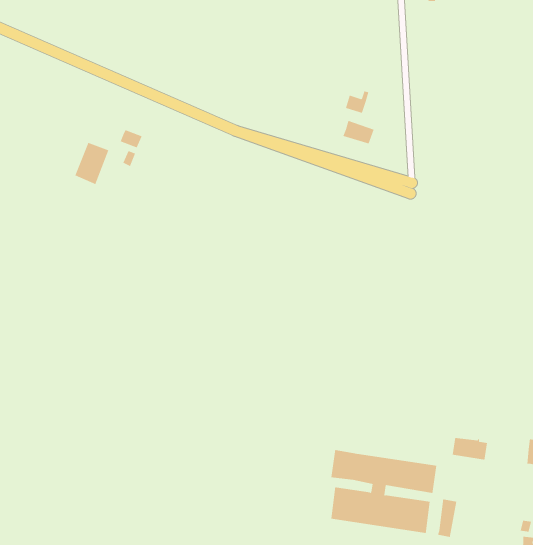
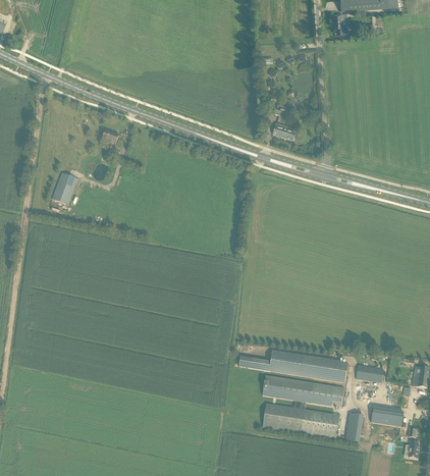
building: [74,142,109,185] -> [51,171,77,204]
building: none -> [237,350,346,381]
building: none -> [370,407,402,426]

